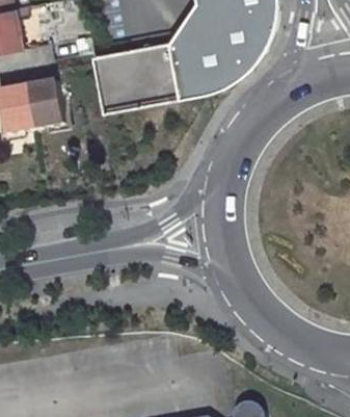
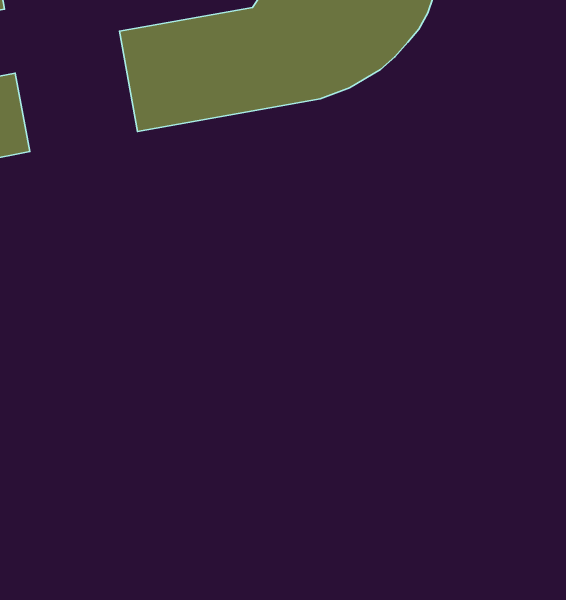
building: [27,76,65,126] -> none

